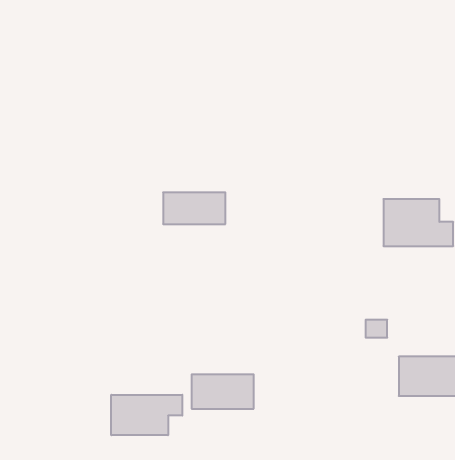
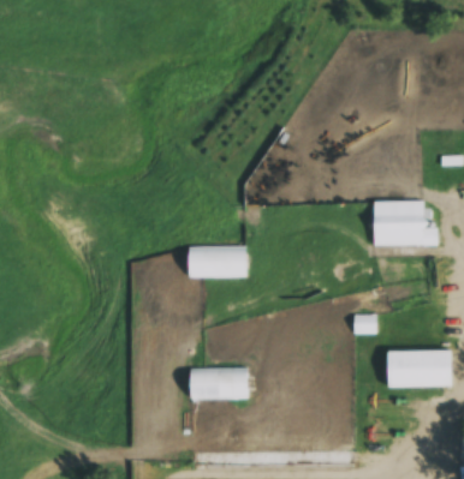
building: [163,192,225,224] -> [188,247,246,277]
building: [111,395,182,435] -> none

